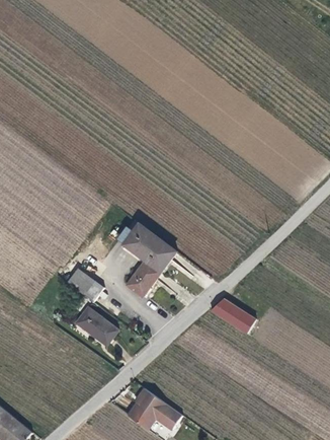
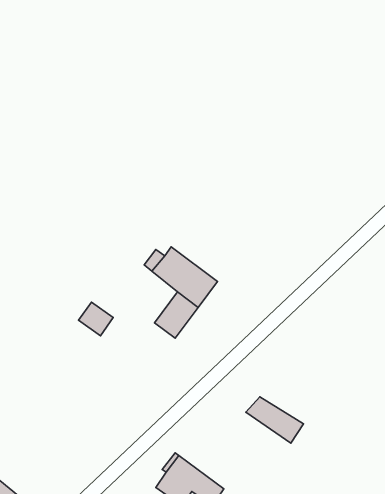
building: [212,298,257,335] -> [246,397,304,443]
building: [77,309,117,345] -> none

